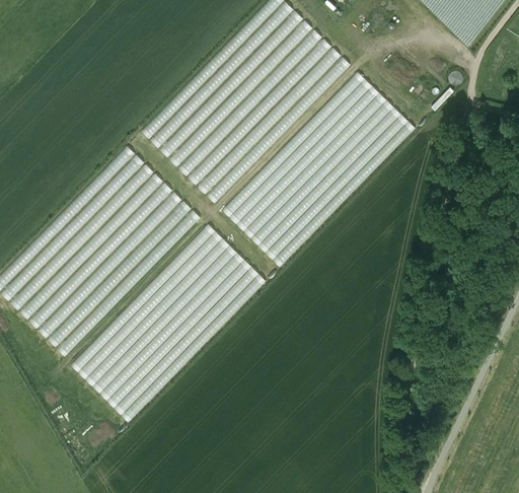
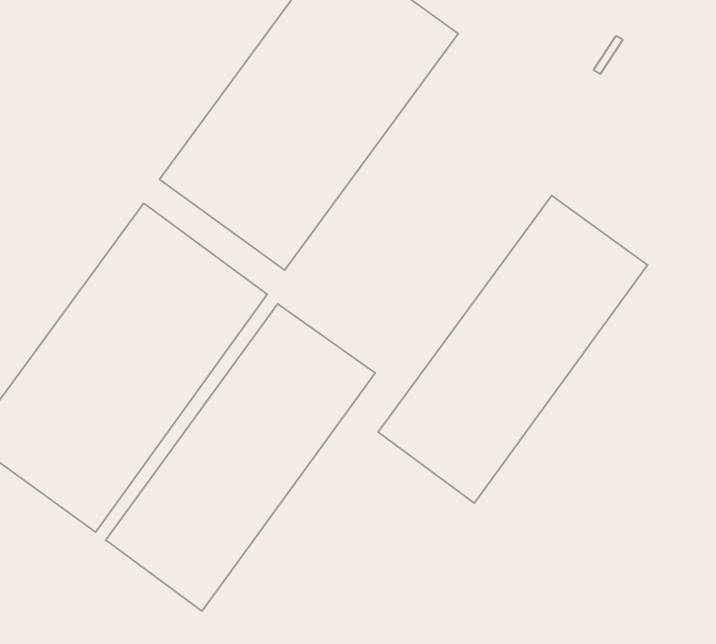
building: [222,71,411,265] -> [378,195,648,503]

